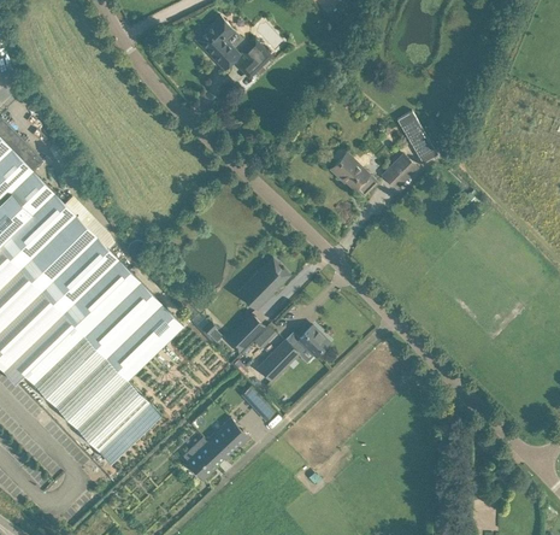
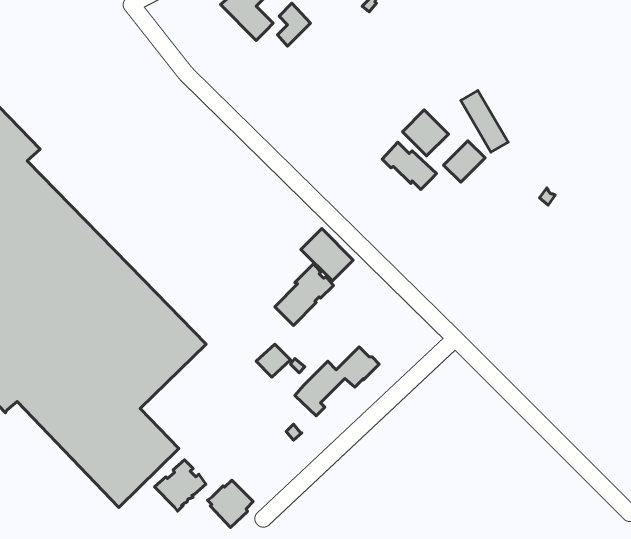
building: none -> [402,110,448,156]
building: none -> [301,229,353,281]
building: [205,417,248,460] -> [154,460,206,511]

